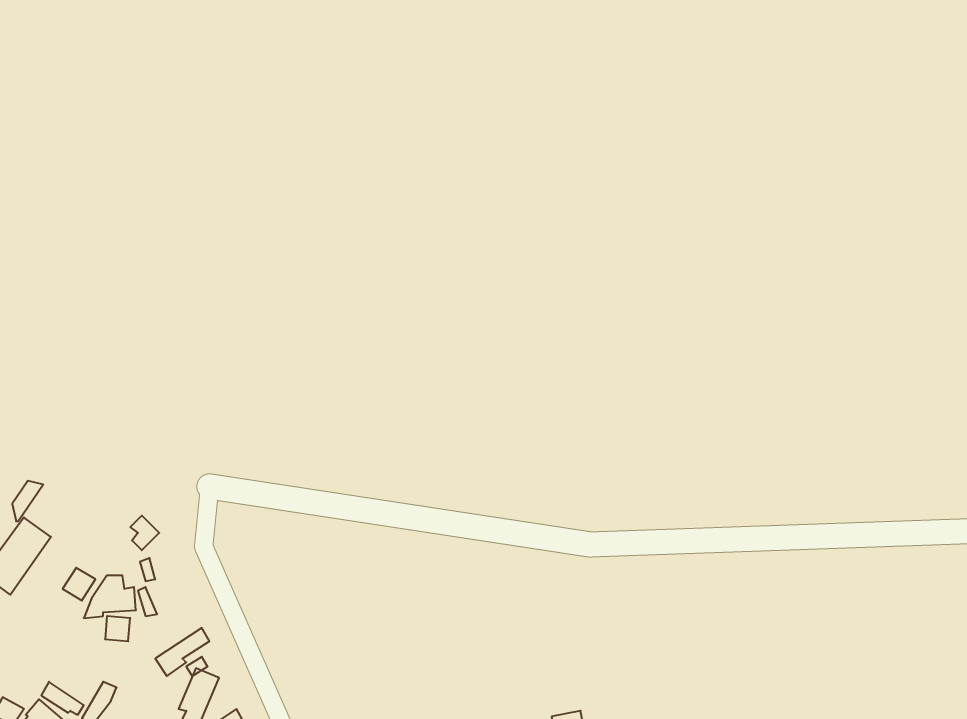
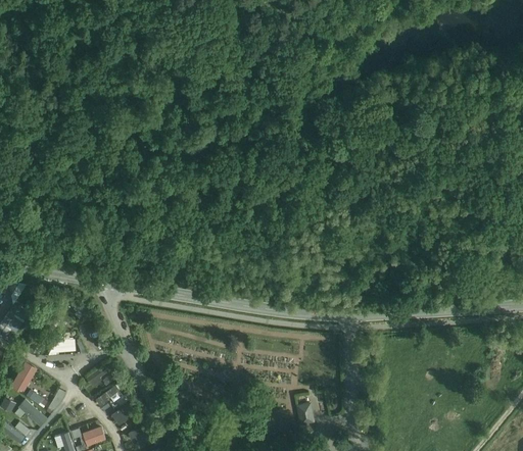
building: none -> [9,362,37,393]

